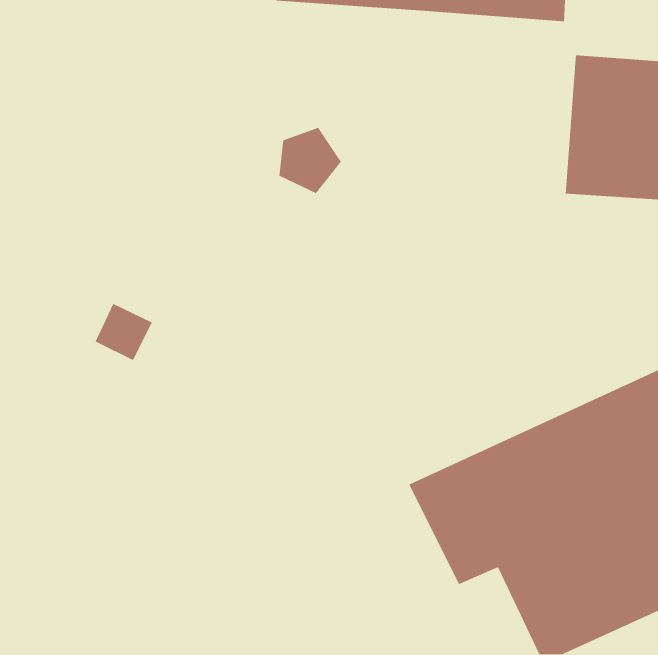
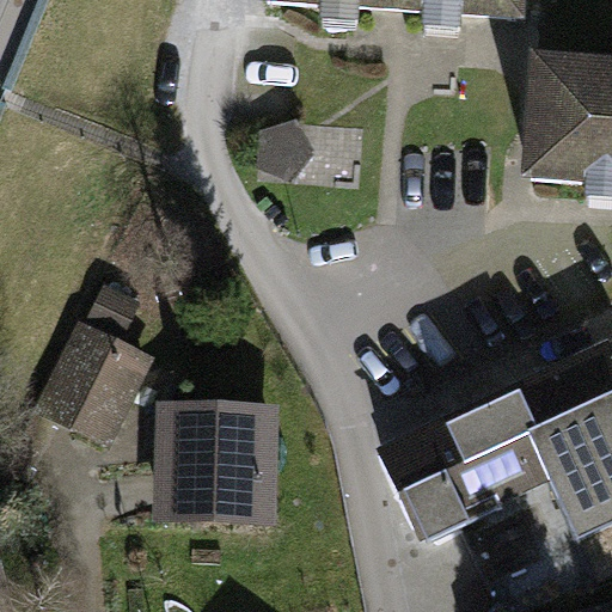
building: none -> [38,319,157,447]
building: none -> [157,399,280,525]

